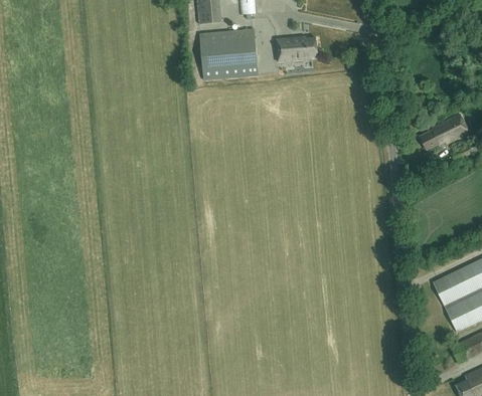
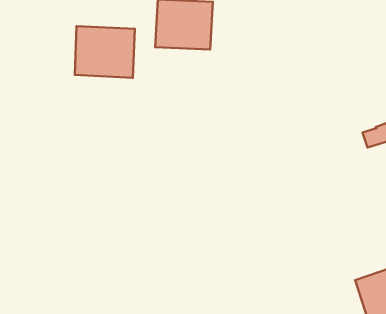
building: [277,36,318,61] -> none
building: none -> [75,26,135,78]

